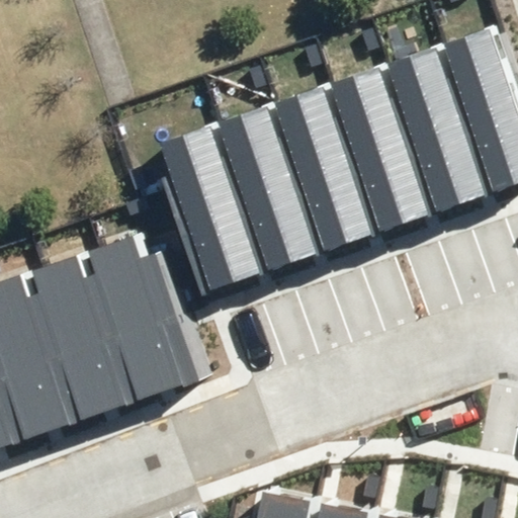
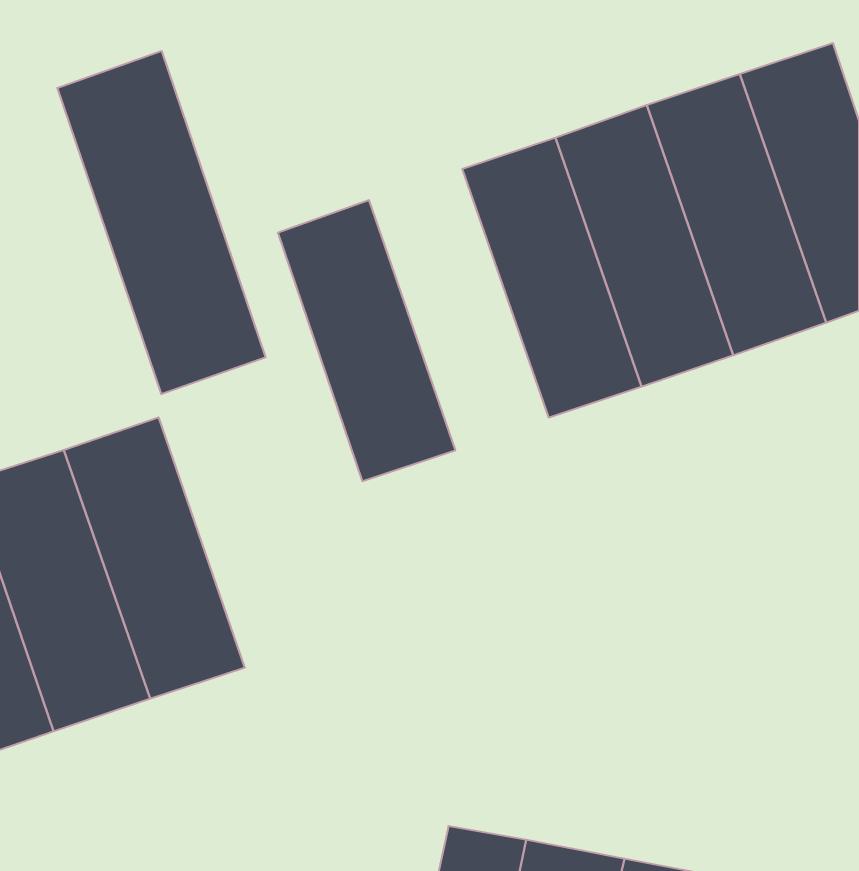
building: none -> [57,51,265,394]
building: [217,105,322,270] -> none
building: [93,232,199,398] -> none

